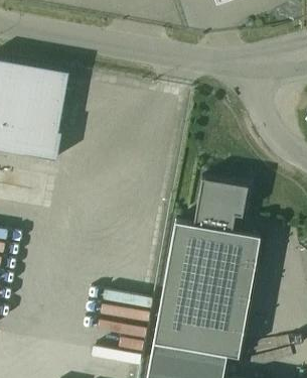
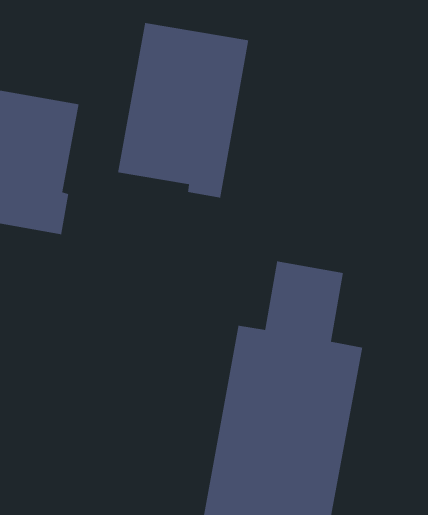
building: none -> [117,22,249,198]

